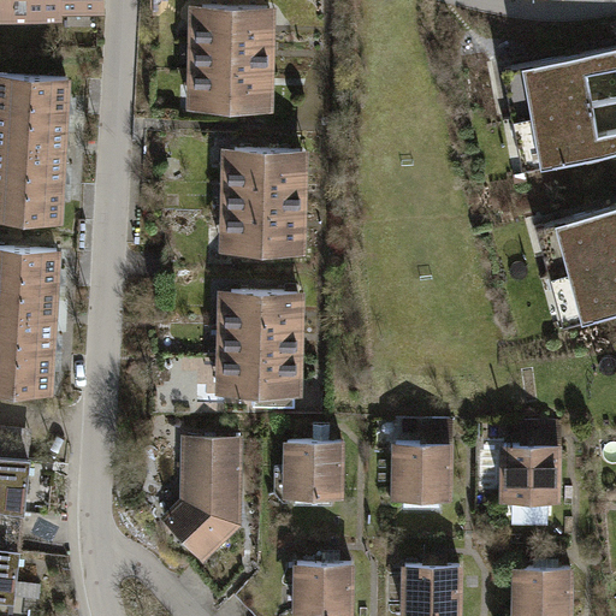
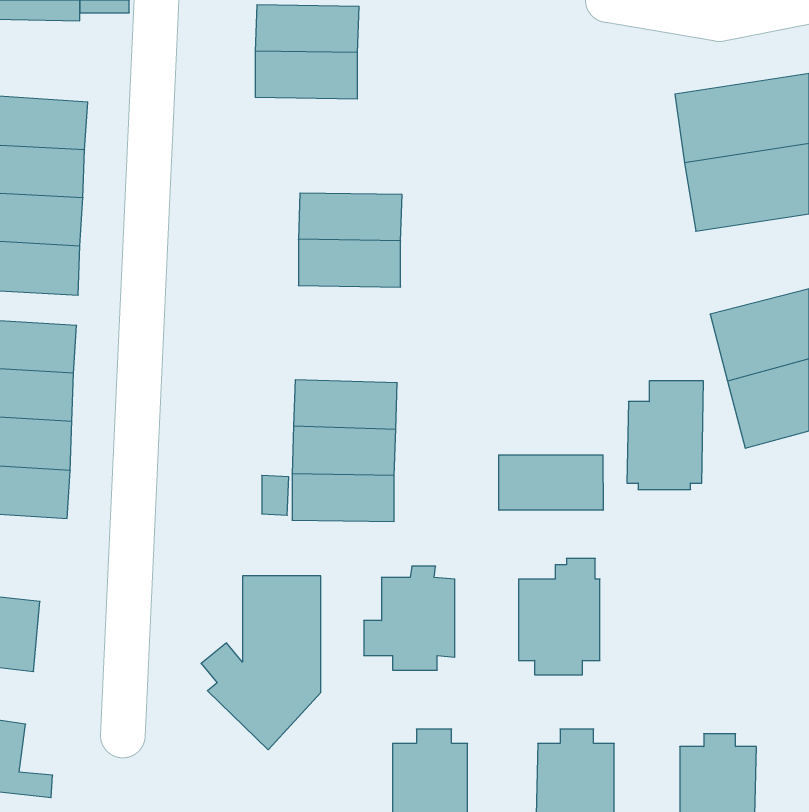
building: [191,76,270,112] -> none
building: [224,218,302,254] -> none
building: none -> [499,455,603,510]
building: [502,426,559,508] -> [627,381,703,489]

